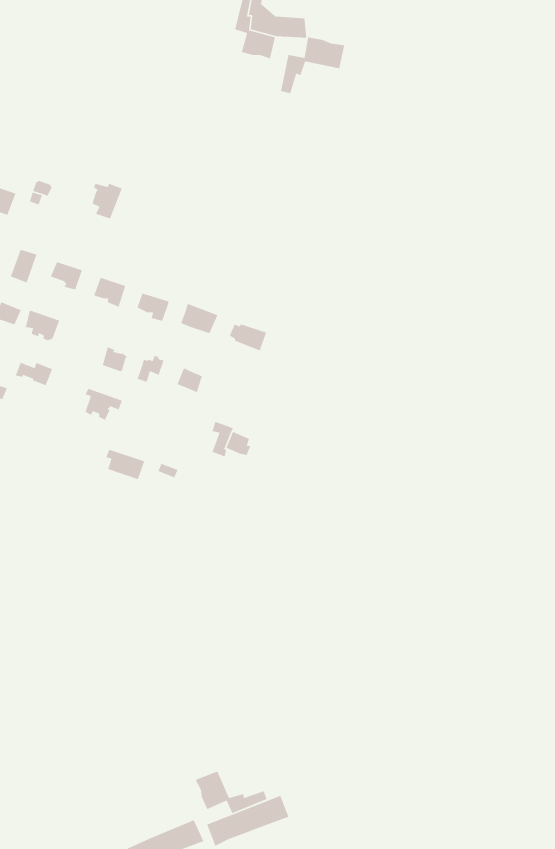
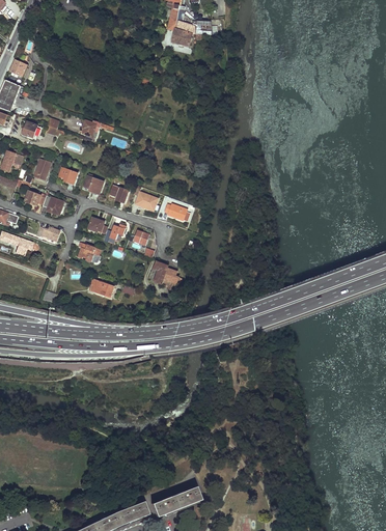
building: [280,36,345,94] -> none
building: [195,770,267,814] -> none

